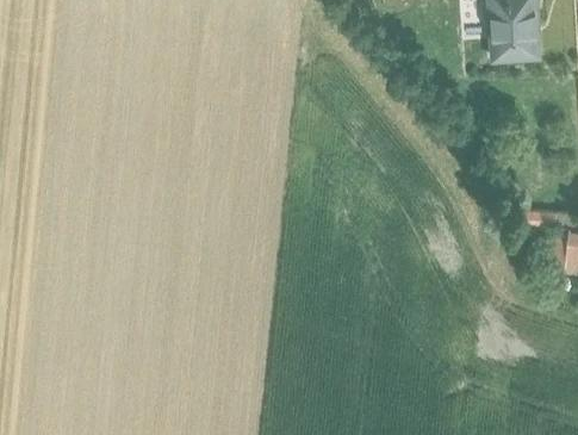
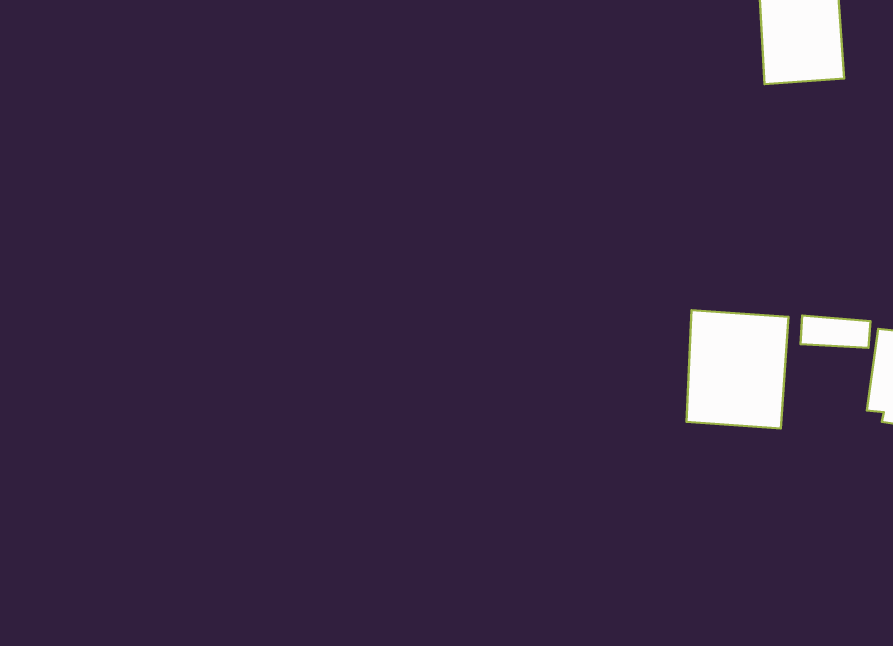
building: none -> [686,310,788,429]

